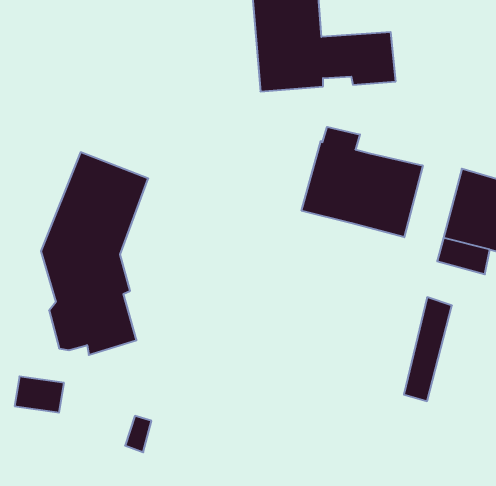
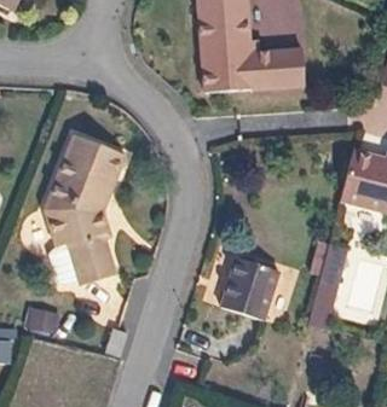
building: [302,127,423,237] -> none
building: none -> [221,258,279,320]

